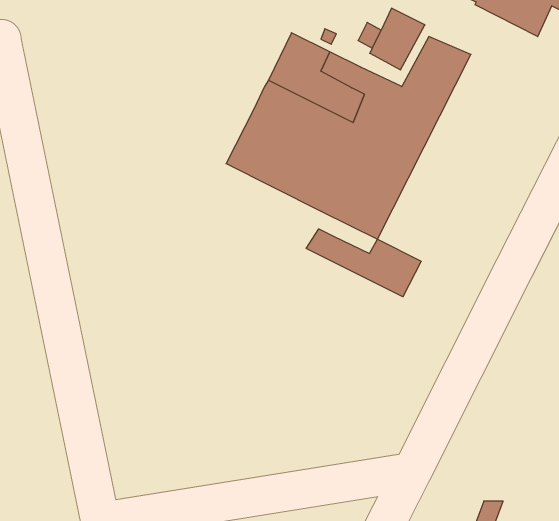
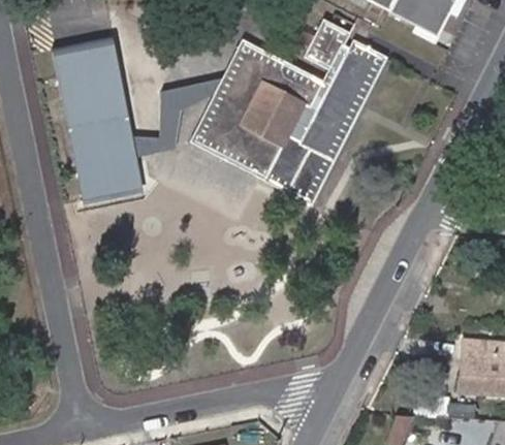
building: none -> [54,35,219,202]
building: [306,229,421,297] -> none

